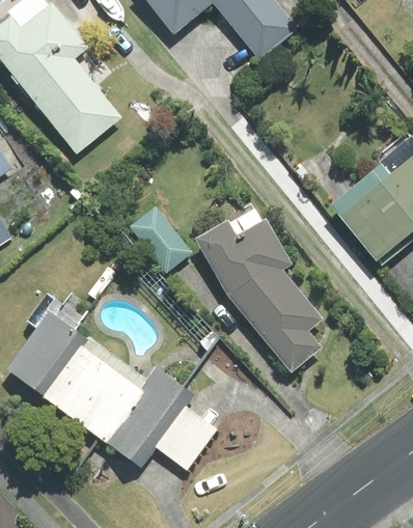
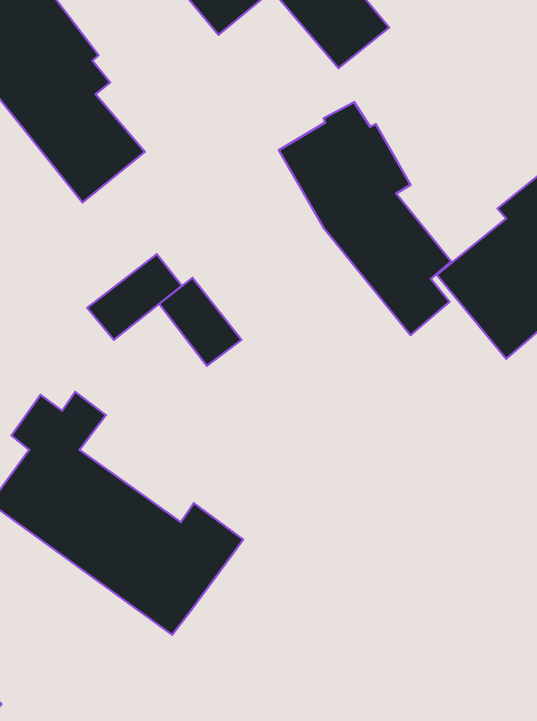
building: none -> [87,254,182,340]
building: [196,204,320,371] -> [279,102,451,335]
building: [154,406,216,470] -> none

